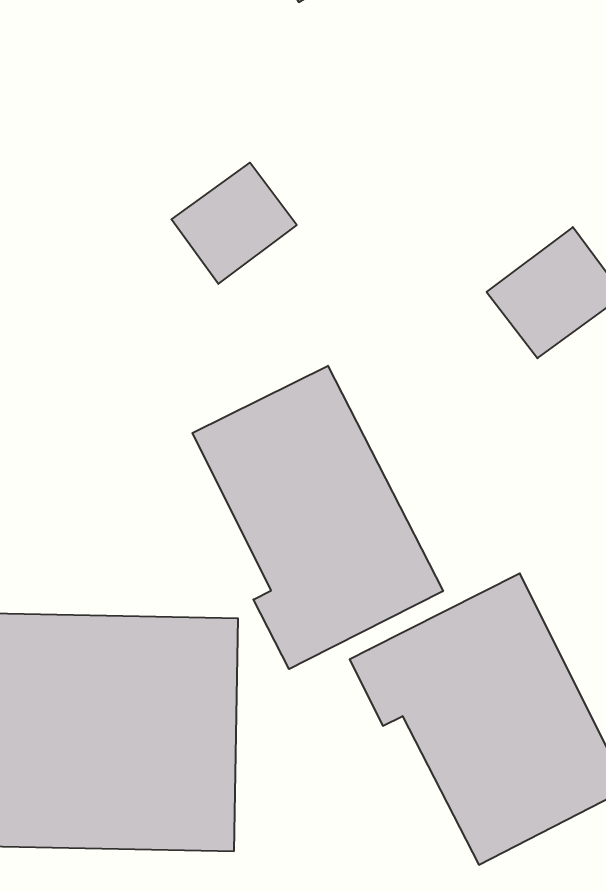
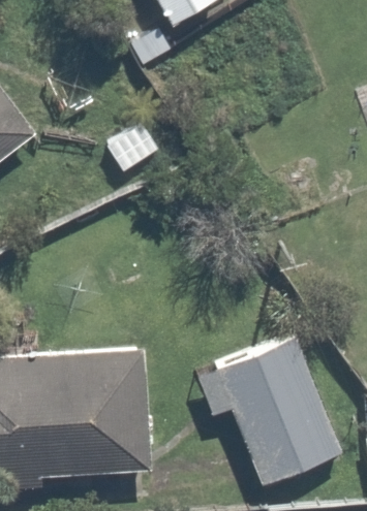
building: [192,366,443,669] -> none

